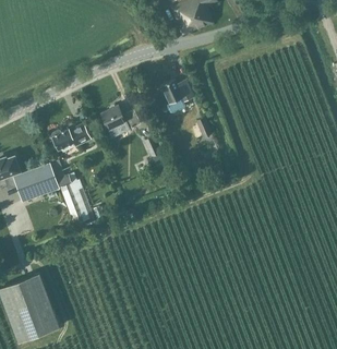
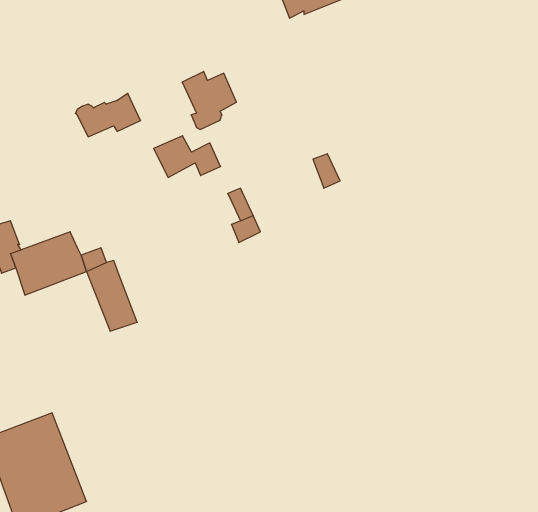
building: [160,79,193,113] -> [182,71,236,129]
building: [50,123,89,149] -> [75,93,141,137]

